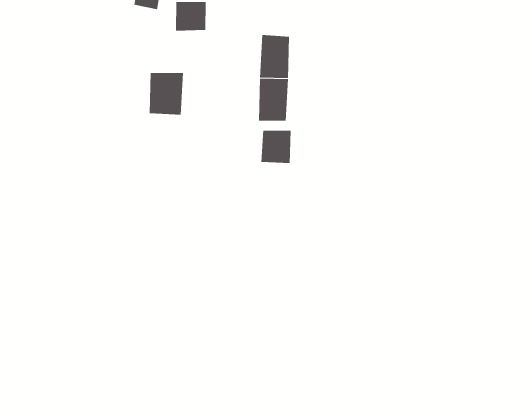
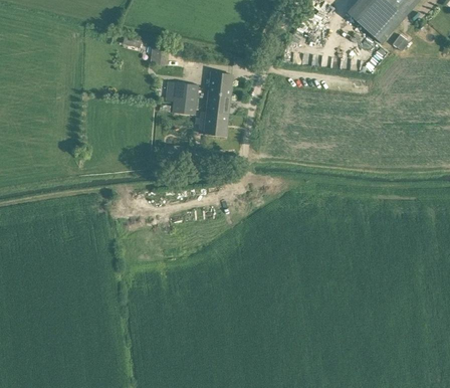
building: [149,72,184,115] -> [170,85,197,118]
building: [261,130,291,164] -> none

